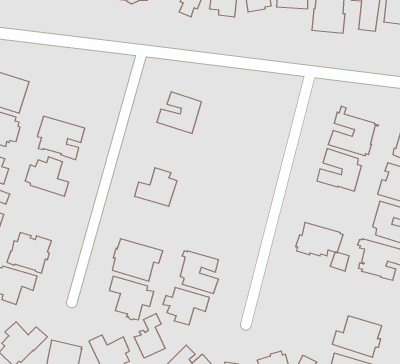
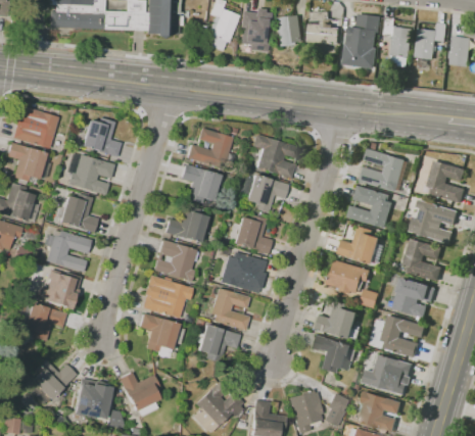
building: none -> [74,117,122,157]
building: none -> [252,135,299,179]
building: none -> [181,164,220,204]
building: none -> [241,175,288,212]
building: none -> [229,215,272,255]
building: none -> [339,226,385,265]
building: none -> [44,230,91,272]
building: none -> [153,240,196,282]
building: none -> [220,252,266,294]
building: none -> [316,300,362,340]
building: none -> [381,314,427,357]
building: none -> [314,335,358,374]
building: [134,313,165,358] -> none

